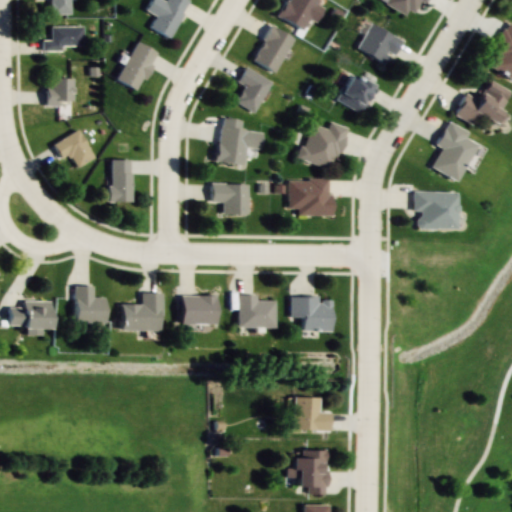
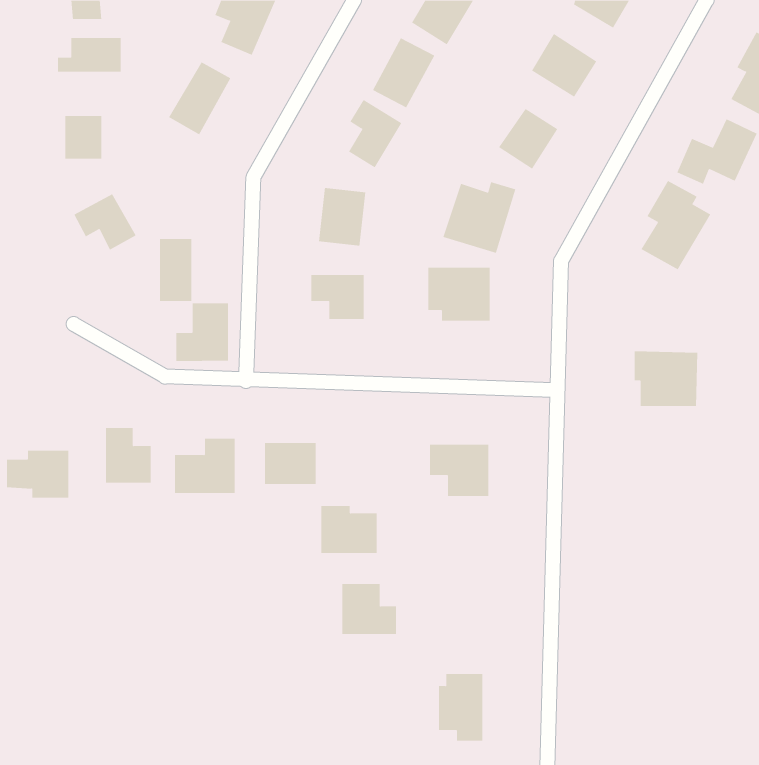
building: [414,191,457,228] -> [634,351,698,406]
building: none -> [176,302,229,362]
building: [238,295,276,327] -> [321,505,378,553]
building: [294,397,331,431] -> [341,583,397,634]

